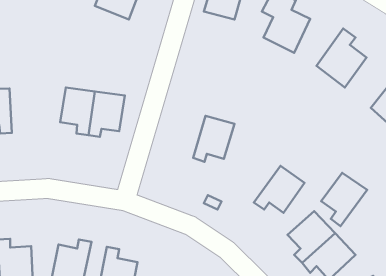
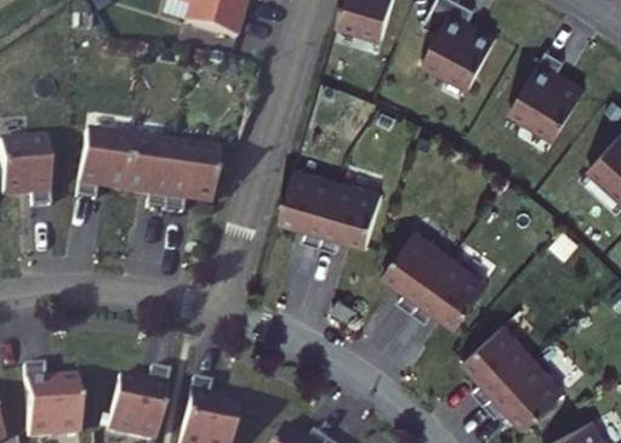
building: none -> [76,132,131,201]
building: none -> [283,169,341,245]
building: [321,173,367,226] -> [384,232,454,312]

